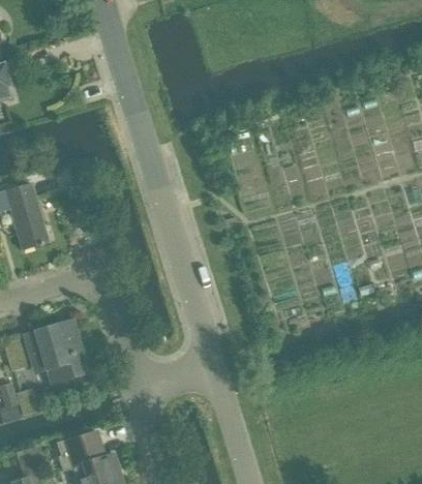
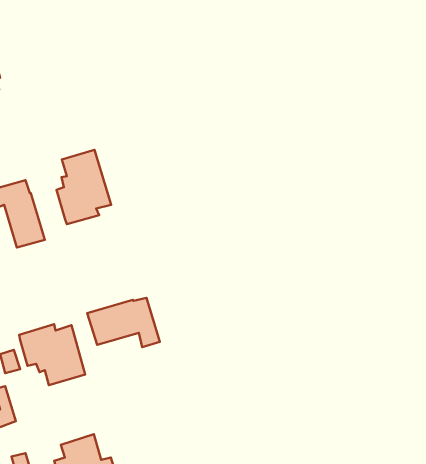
building: none -> [56,150,111,224]
building: none -> [87,298,160,347]

